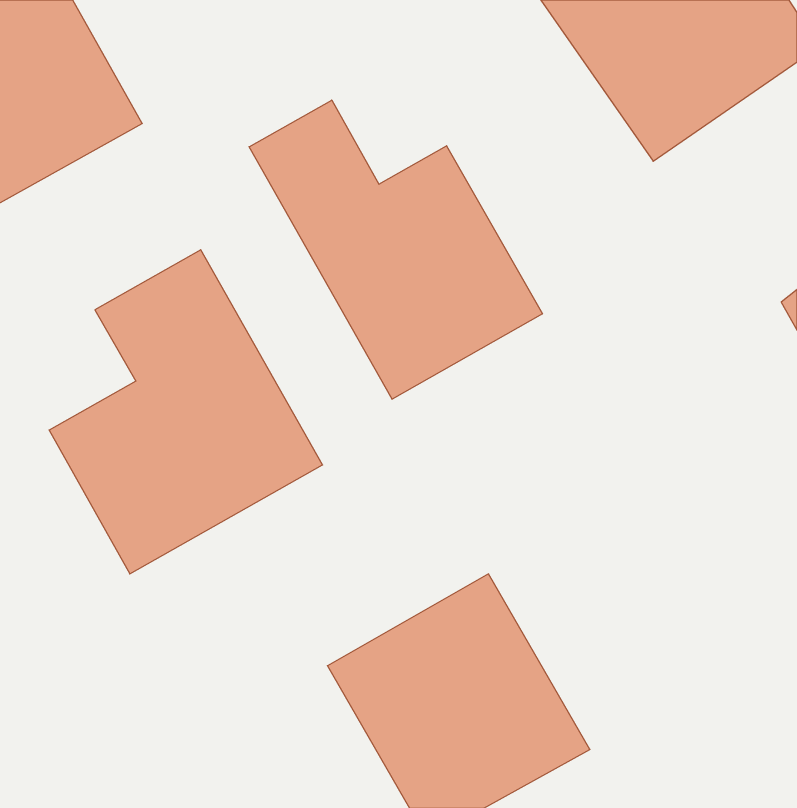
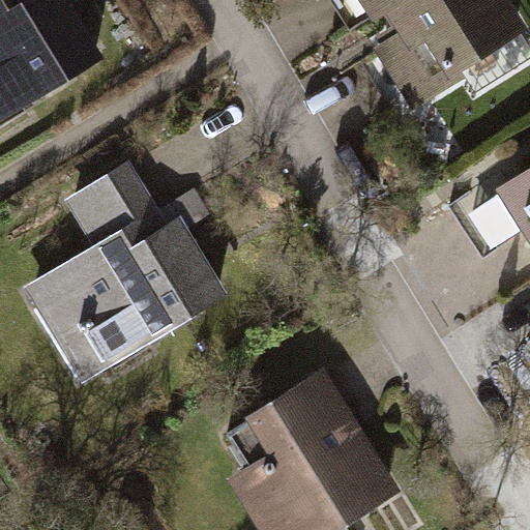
building: [249,100,542,399] -> none

